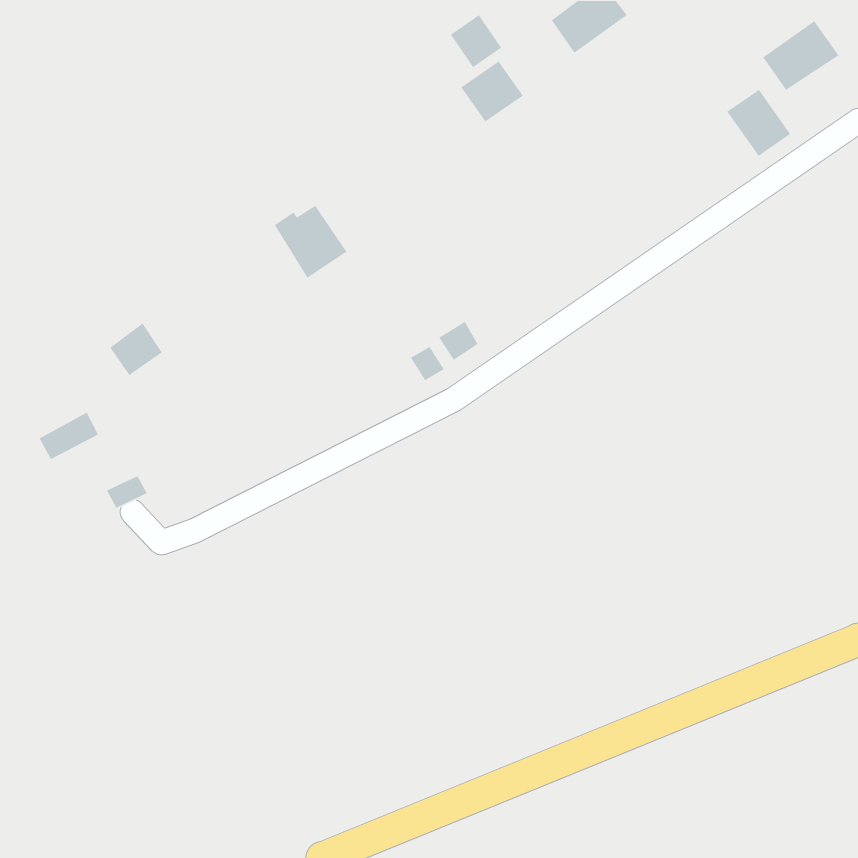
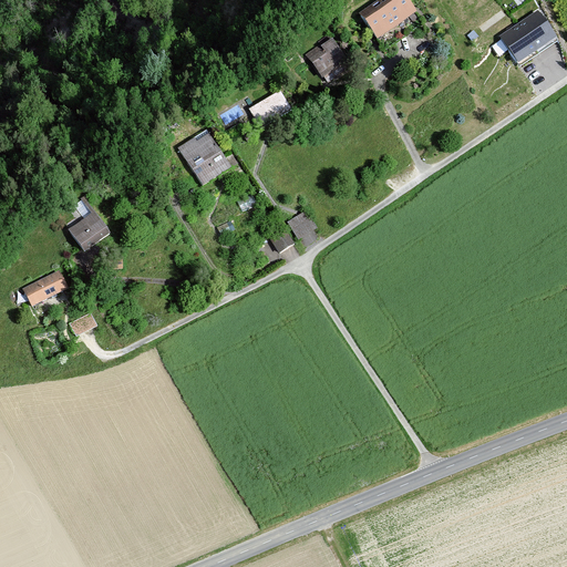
building: [450,14,502,68] -> none
building: [726,89,791,157] -> none
building: none -> [249,92,289,125]

